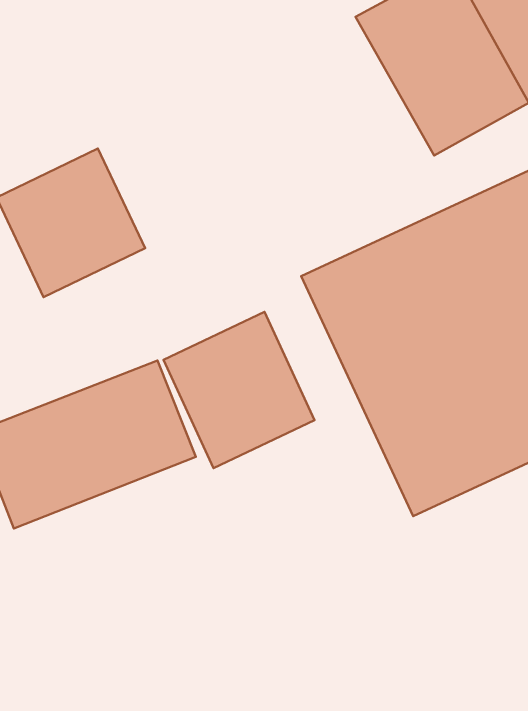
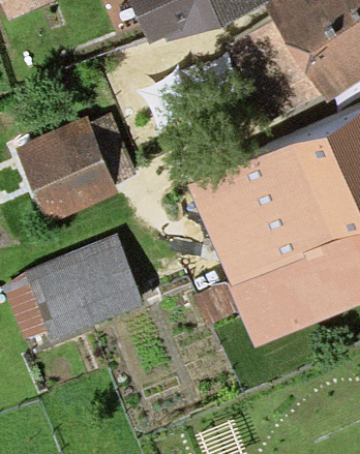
building: [163,312,315,468] -> none

